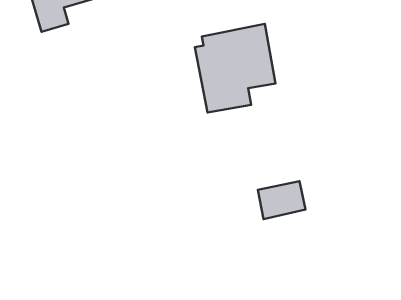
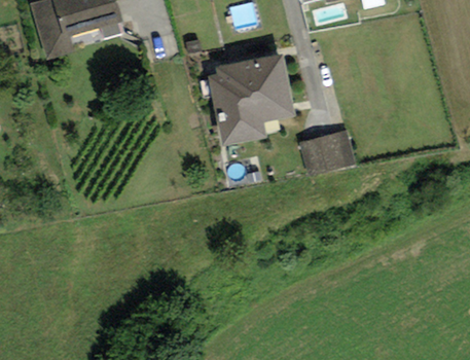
building: [258,181,305,219] -> [303,137,354,177]

